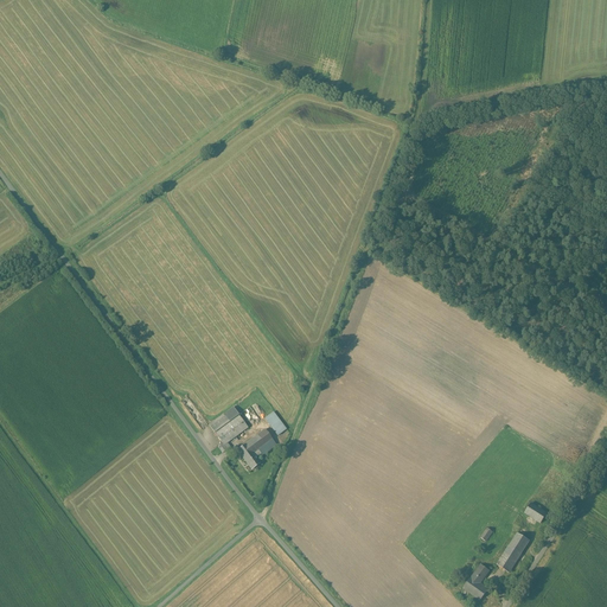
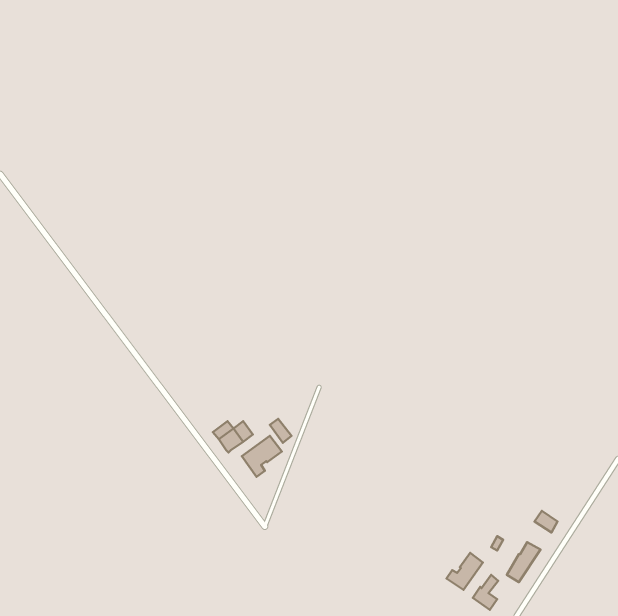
building: none -> [446,553,483,590]

